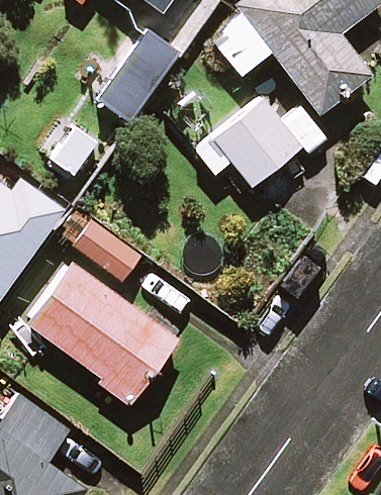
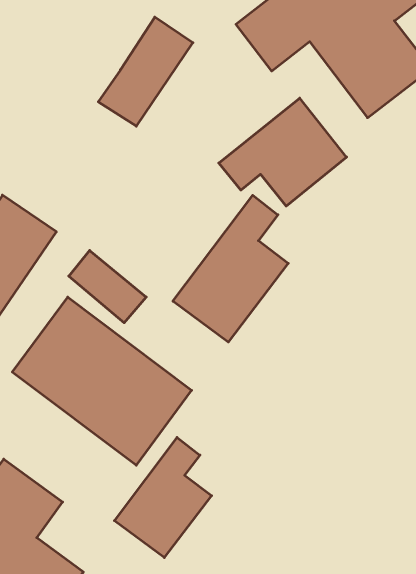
building: none -> [173,195,288,342]
building: none -> [114,437,212,558]

